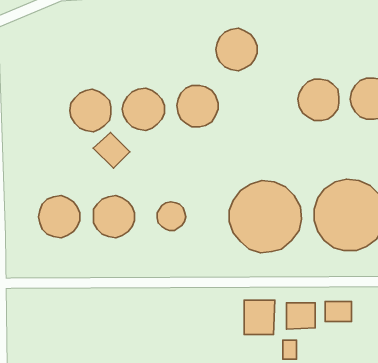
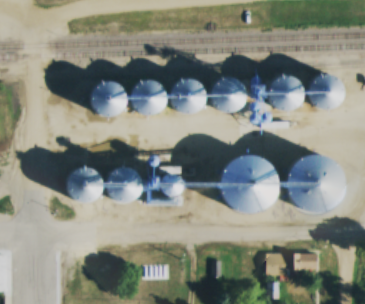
building: [216,28,257,71] -> [217,76,250,110]
building: [93,133,130,168] -> none
building: [244,300,275,334] -> none

